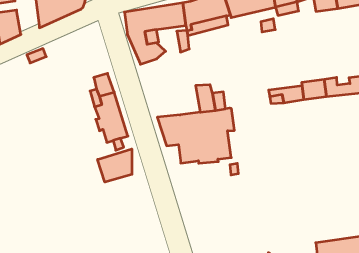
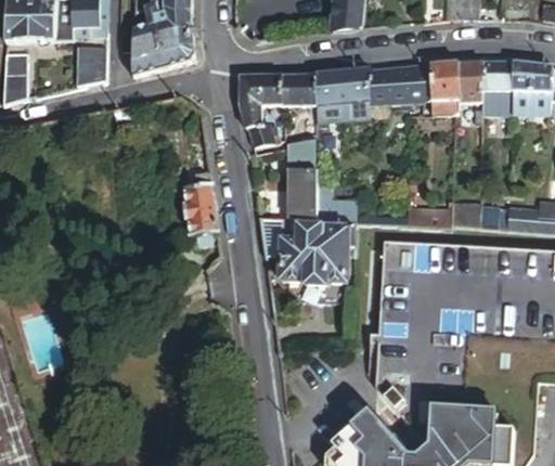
building: none -> [288,159,314,218]
building: [98,149,132,182] -> none

